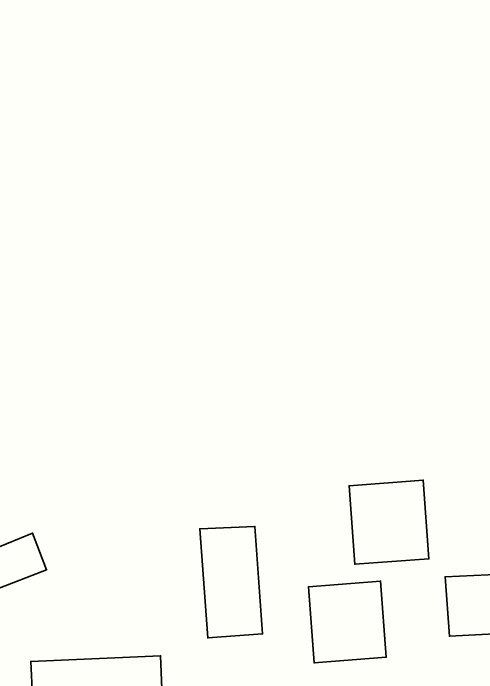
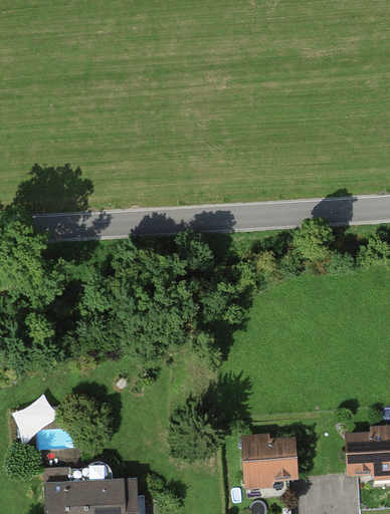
building: [349,480,429,564] -> none
building: [200,527,263,638] -> none

